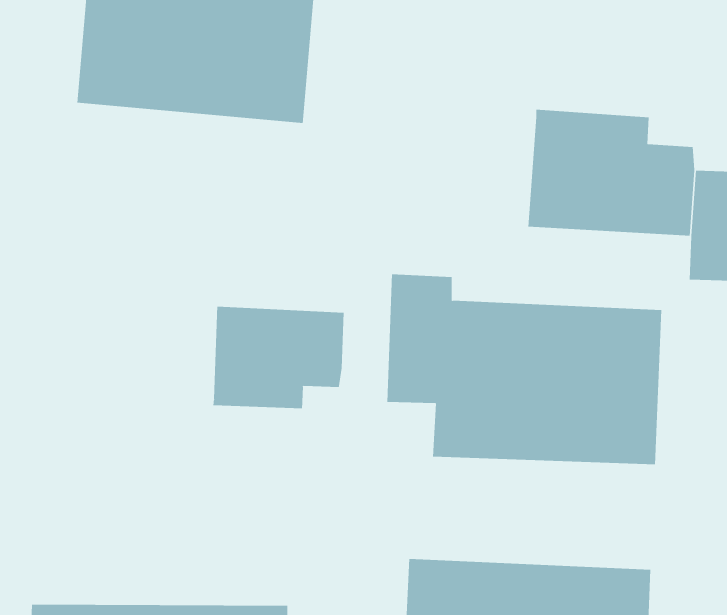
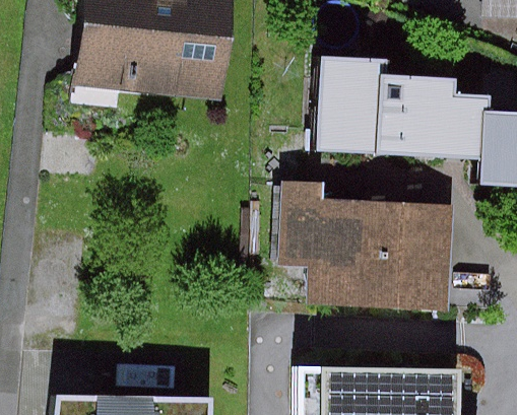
building: none -> [314,60,377,151]
building: [213,306,344,409] -> none

